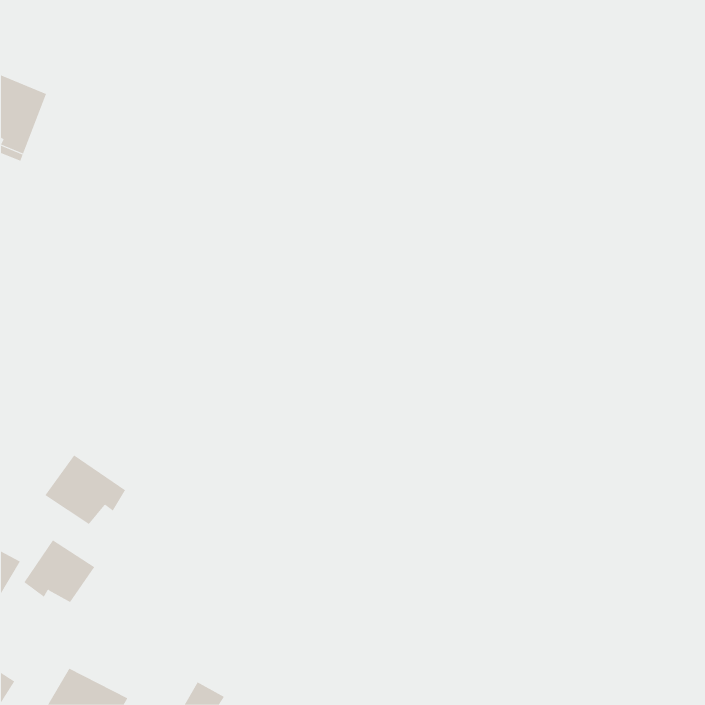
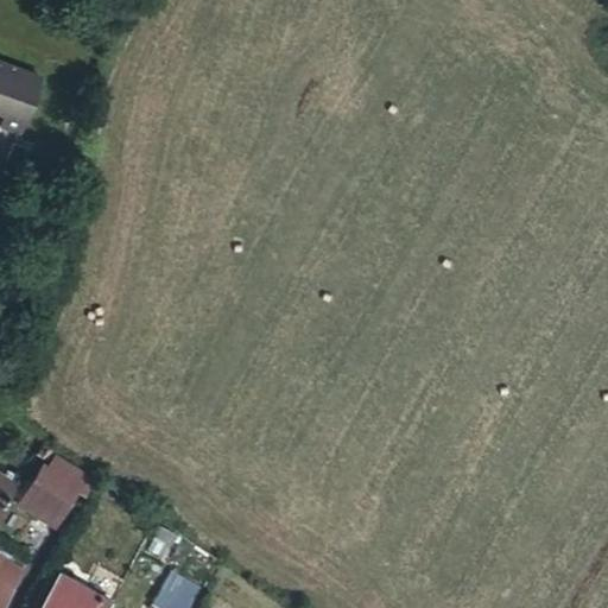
building: [45,455,126,525] -> none

